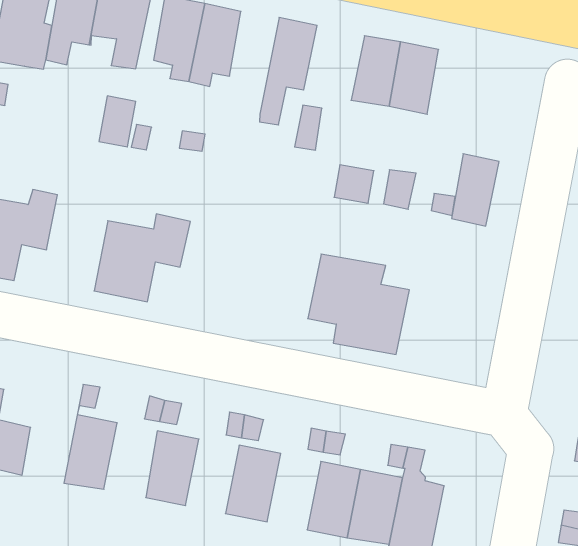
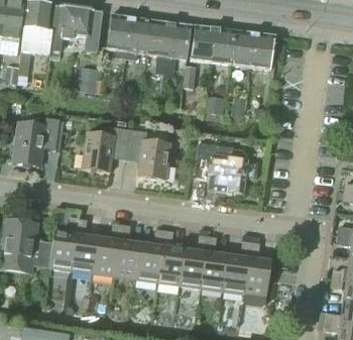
building: none -> [146,17,170,71]
building: none -> [190,23,216,61]
building: [452,154,499,226] -> [251,31,274,69]
building: none -> [126,129,170,180]
building: none -> [49,217,79,270]
building: none -> [93,237,119,275]
building: none -> [136,243,162,281]
building: none -> [180,248,206,288]

